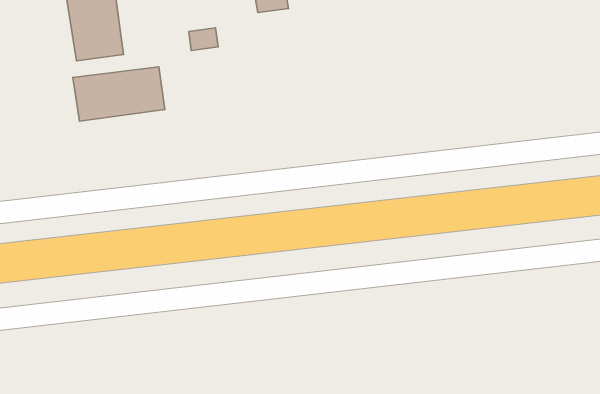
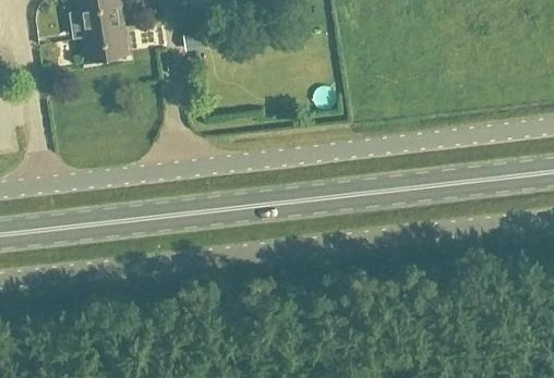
building: [73,67,165,121] -> none

